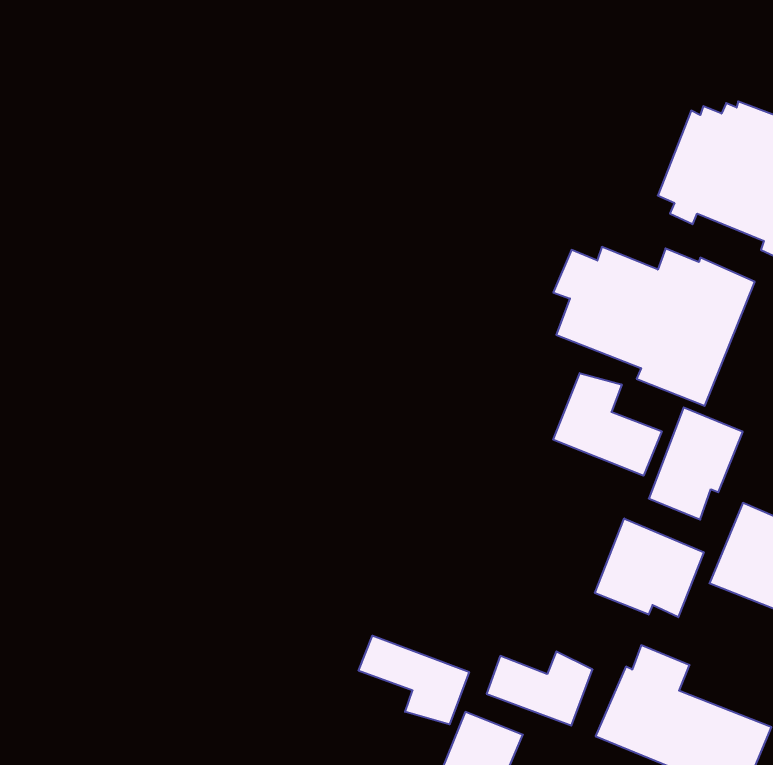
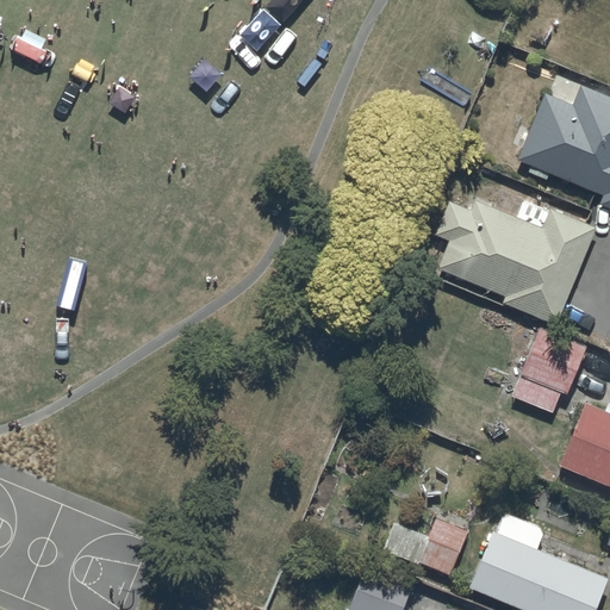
building: [553,373,662,476] -> none
building: [595,518,704,617] -> none
building: [359,636,469,724] -> none

